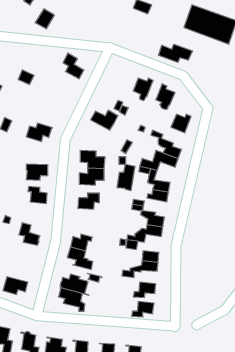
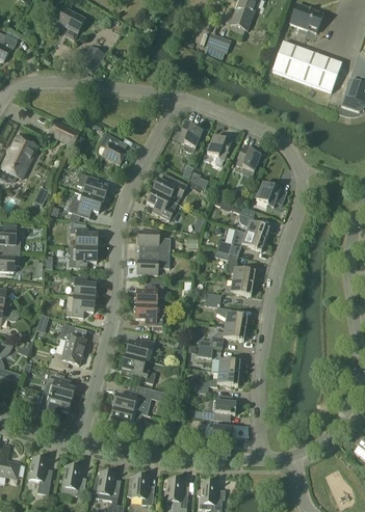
building: [159,44,192,62] -> none
building: [63,53,84,79] -> [99,131,126,164]
building: none -> [178,118,202,152]
building: none -> [77,172,107,199]
building: none -> [147,189,177,219]
building: none -> [69,226,97,247]
building: [117,164,135,191] -> none
building: none -> [66,295,95,317]
building: none -> [135,303,164,328]
building: none -> [50,345,83,368]
building: none -> [44,375,74,399]

